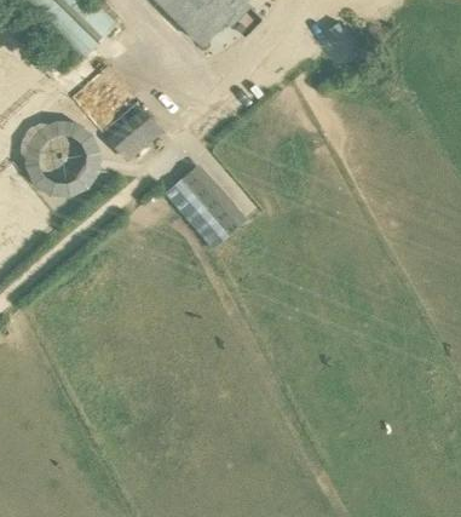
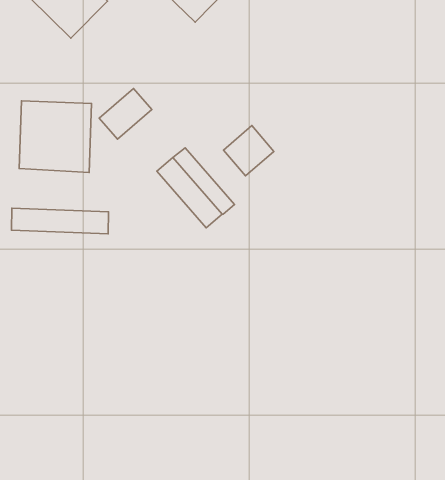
building: none -> [224,126,274,176]
building: none -> [11,208,109,234]

